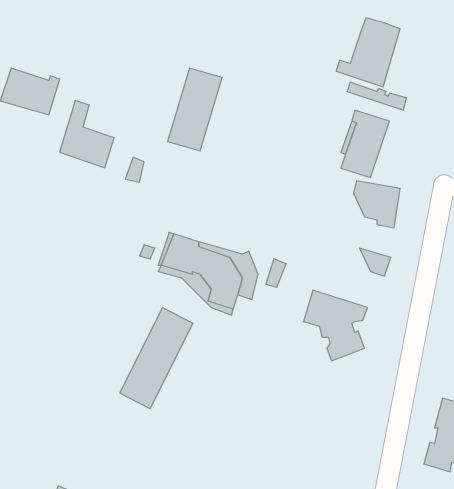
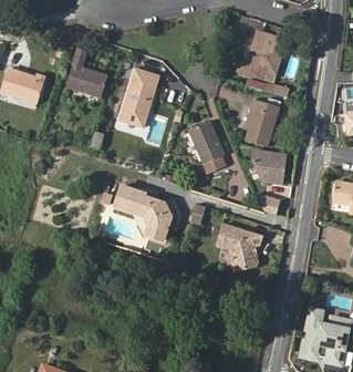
building: [60,100,114,168] -> [66,49,105,96]
building: none -> [189,122,224,172]
building: [120,307,193,409] -> none

